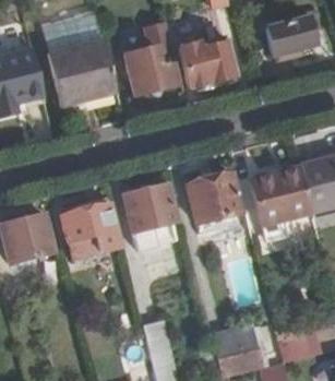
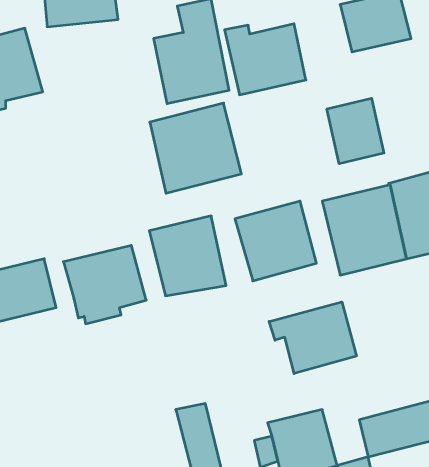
building: [48,38,116,105] -> [150,103,241,193]
building: none -> [327,98,384,164]
building: none -> [269,302,356,374]

